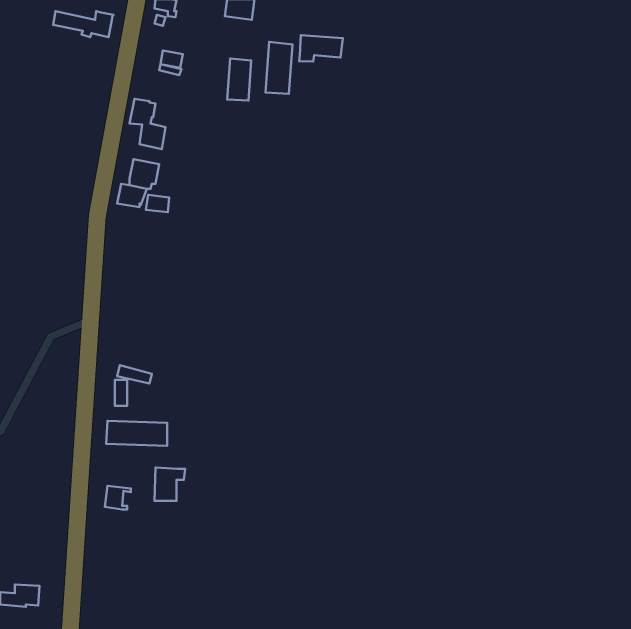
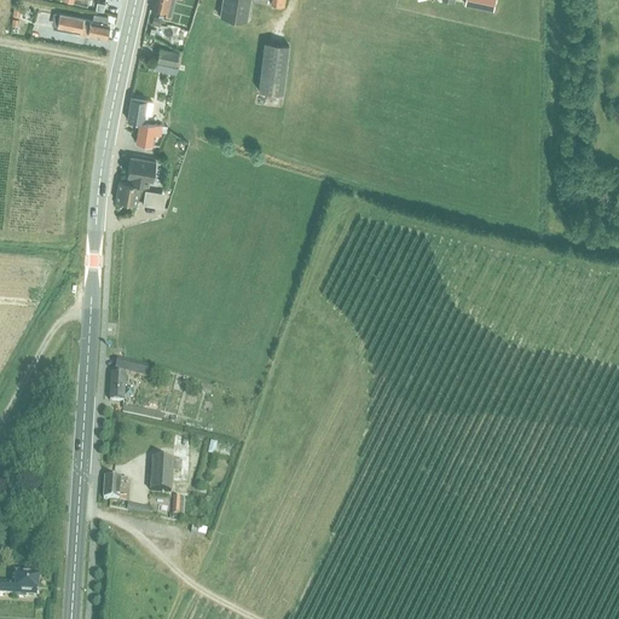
building: [299,35,343,62] -> none
building: [227,58,251,101] -> none
building: [106,421,167,446] -> none

